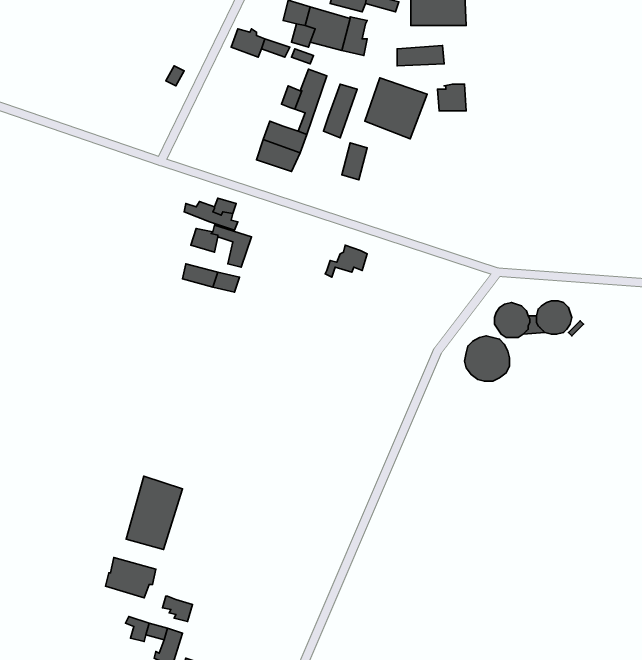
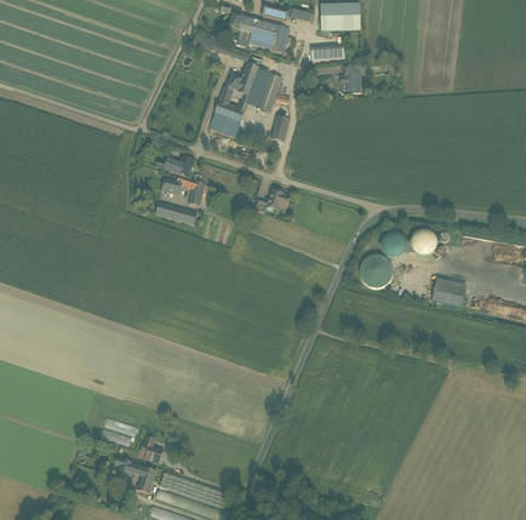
building: [365,78,427,139] -> none
building: none -> [430,281,465,307]
building: [126,476,182,550] -> none

